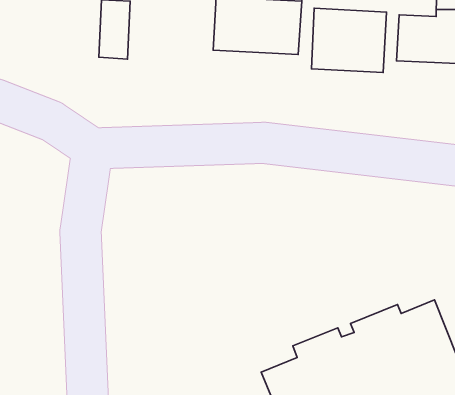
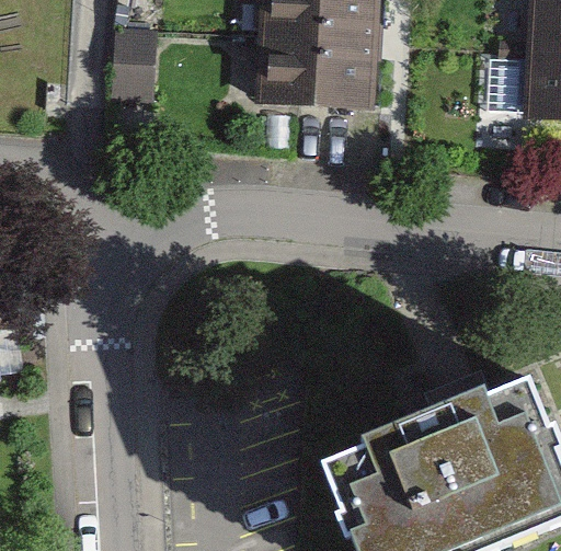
building: [312,8,386,72] -> none

